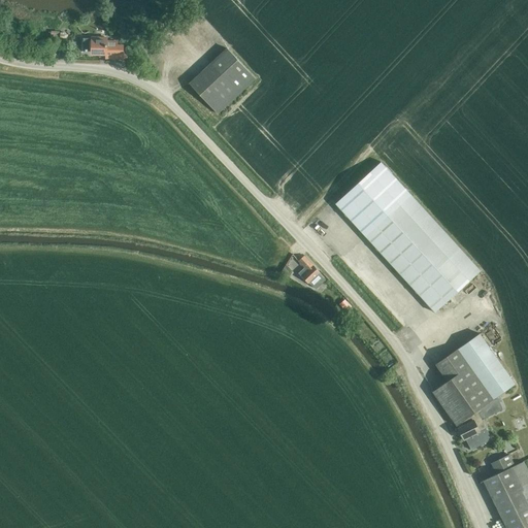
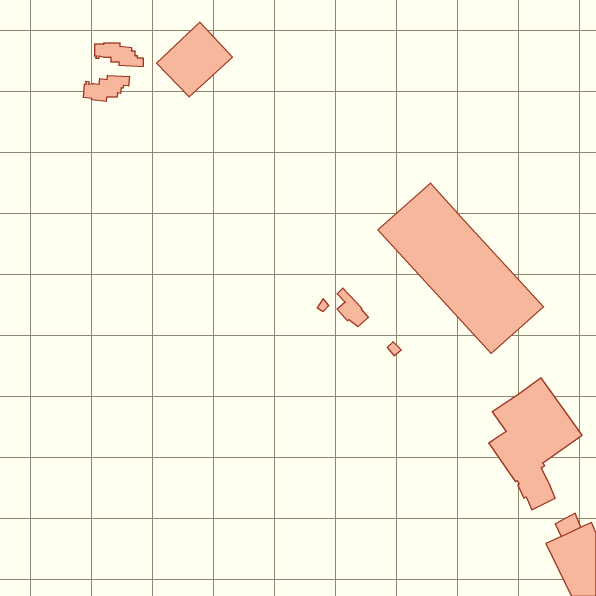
building: [189,47,256,113] -> [157,22,232,97]
building: none -> [83,75,129,101]

